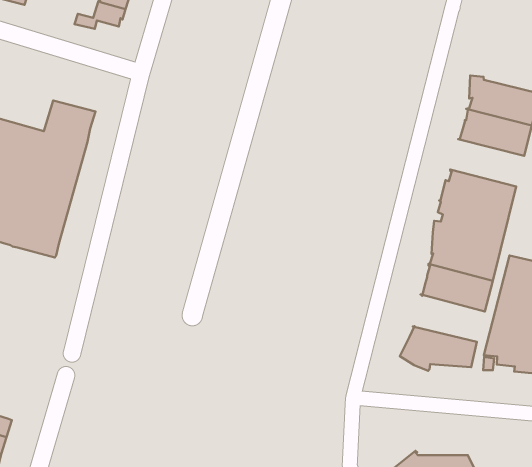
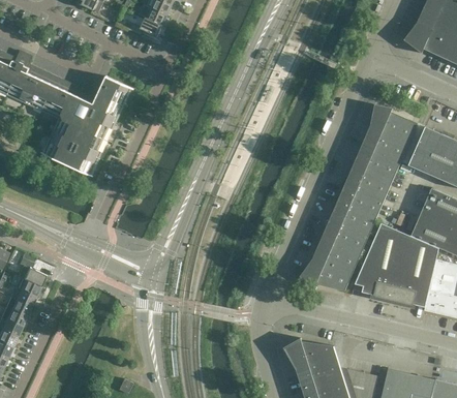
building: none -> [353,144,401,180]
building: none -> [312,239,360,275]

